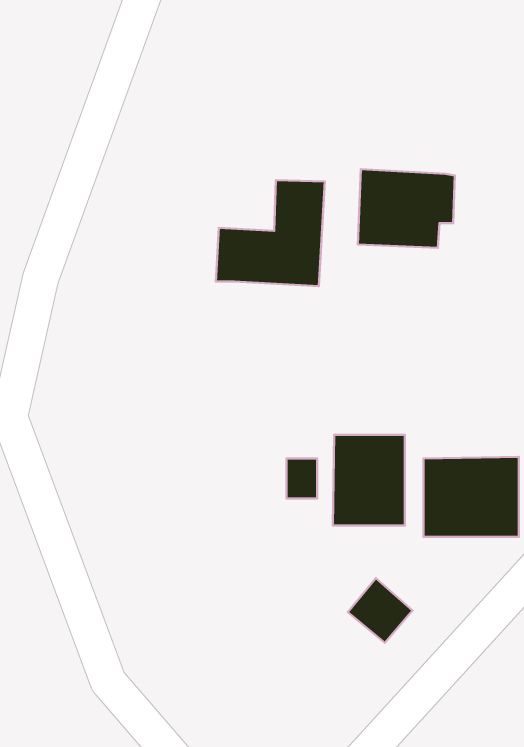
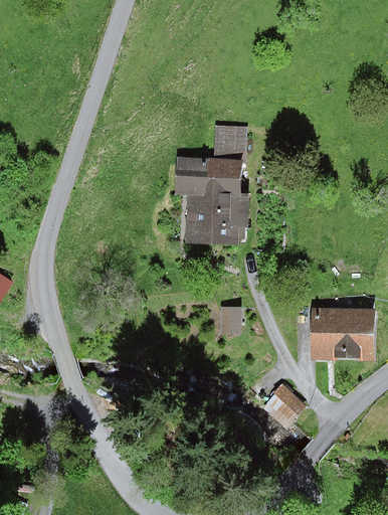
building: [358,169,455,248] -> [185,192,248,243]
building: [333,435,405,526] -> none

